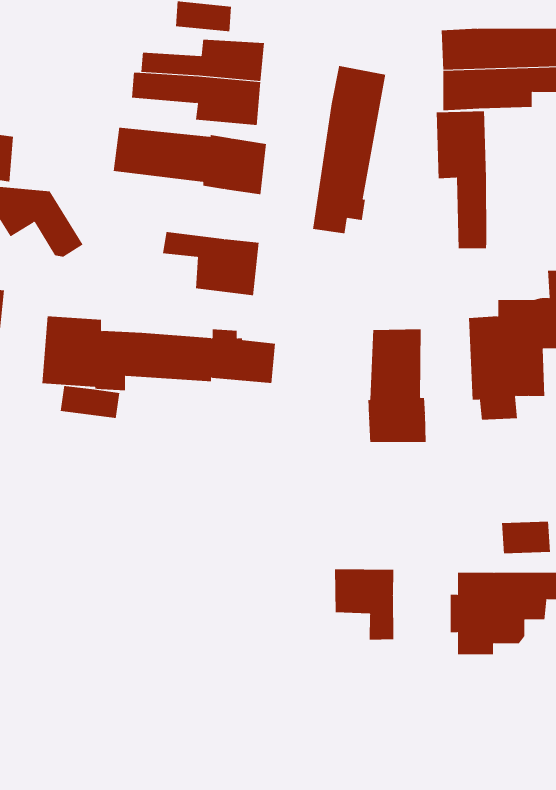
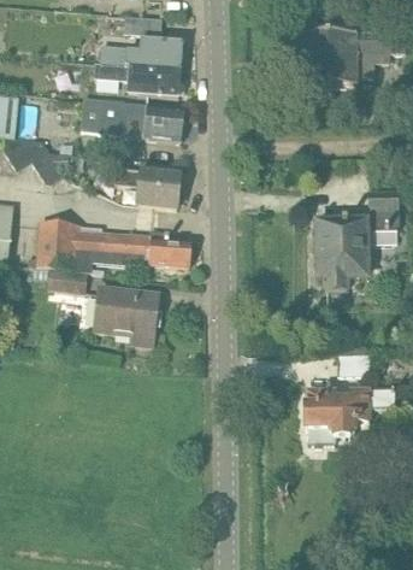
building: [313,65,386,234] -> none
building: [436,111,487,249] -> none
building: [368,328,426,443] -> none
building: none -> [94,286,157,337]
building: [335,569,394,641] -> none

